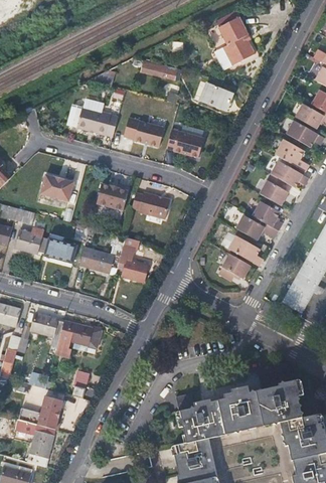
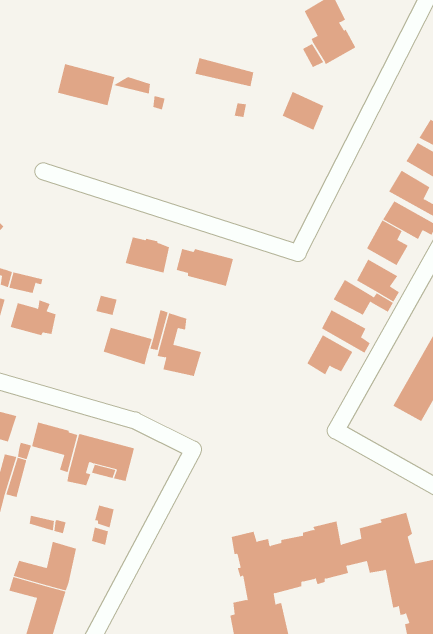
building: [76,108,117,137] -> [57,64,115,106]
building: [126,120,163,148] -> none
building: [165,130,203,158] -> none
building: [40,175,72,201] -> none
building: [44,238,76,263] -> none

